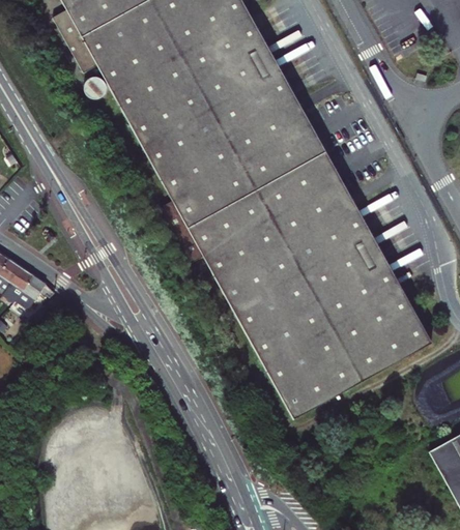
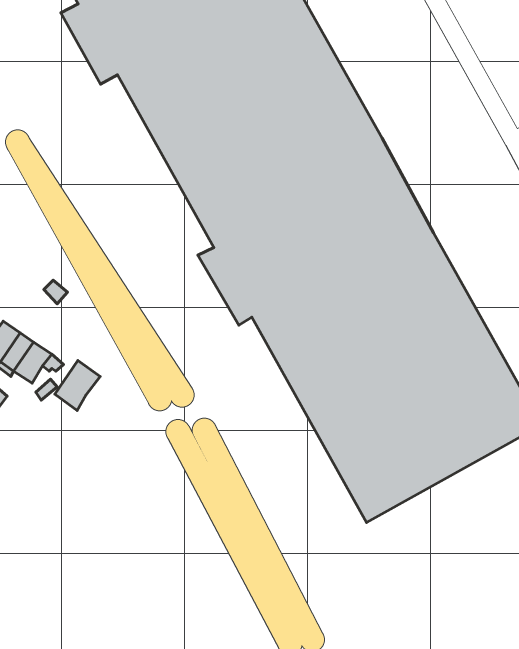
building: none -> [55,361,100,410]

